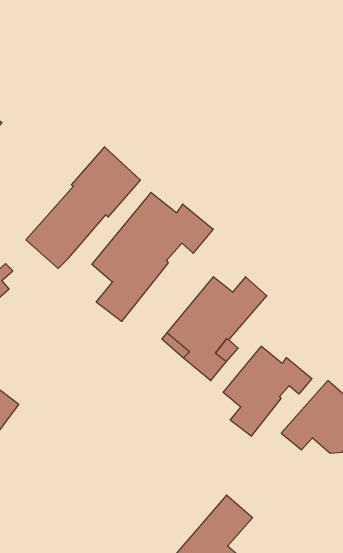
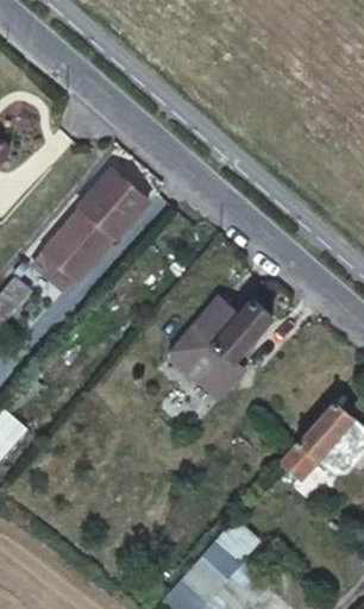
building: [92,192,213,321] -> none
building: [223,346,312,436] -> none

